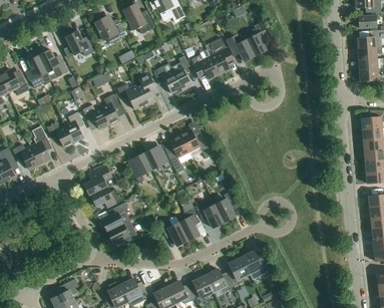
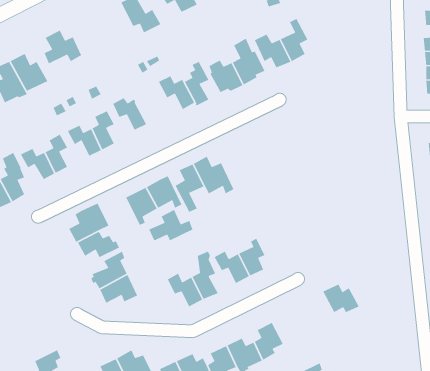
building: [94,14,125,43] -> none
building: [135,73,158,106] -> none
building: none -> [148,209,193,242]
building: [241,251,270,274] -> [322,283,360,313]

